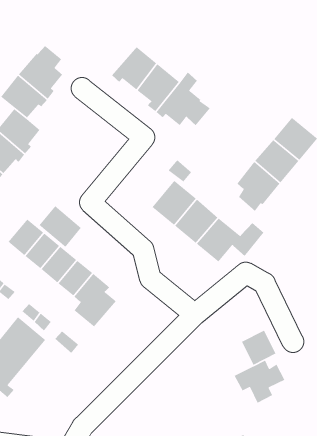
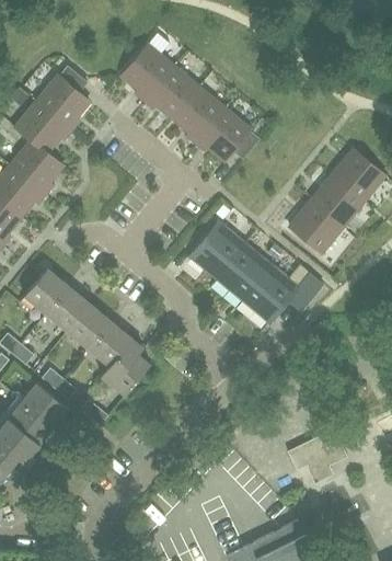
building: none -> [120,37,173,102]
building: [39,205,82,248] -> none
building: [241,330,277,366] -> none

